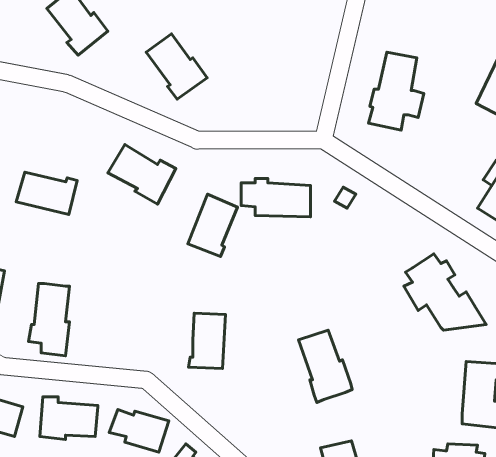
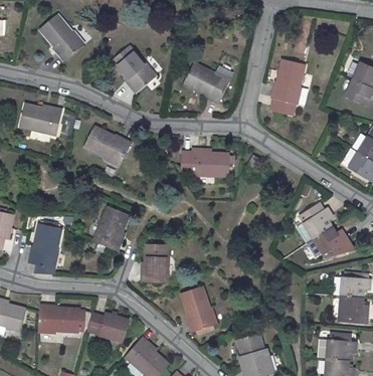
building: none -> [187,62,234,103]
building: [16,172,77,215] -> [22,106,65,136]
building: [188,194,237,257] -> [96,206,131,250]
building: [298,330,352,402] -> [181,284,219,335]

